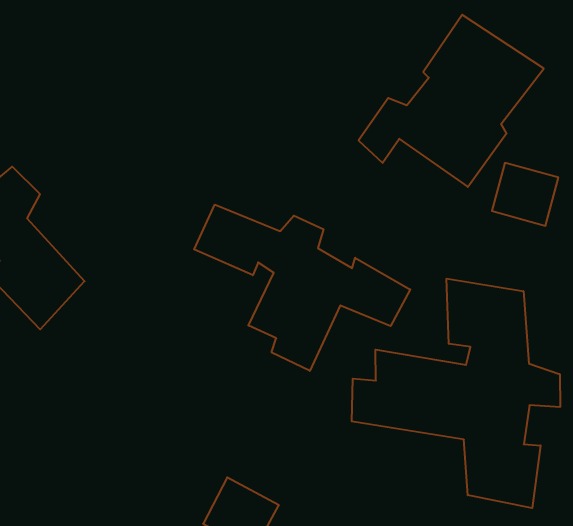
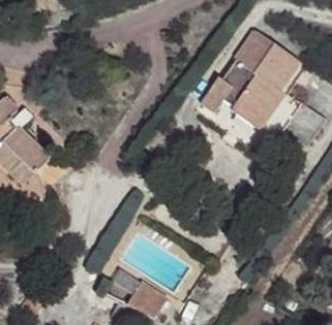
building: [194,205,410,371] -> none
building: [352,279,560,508] -> none

